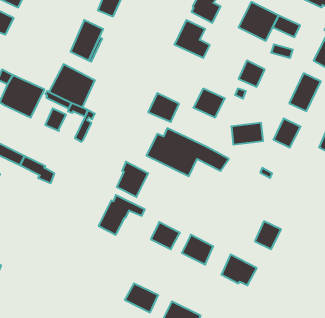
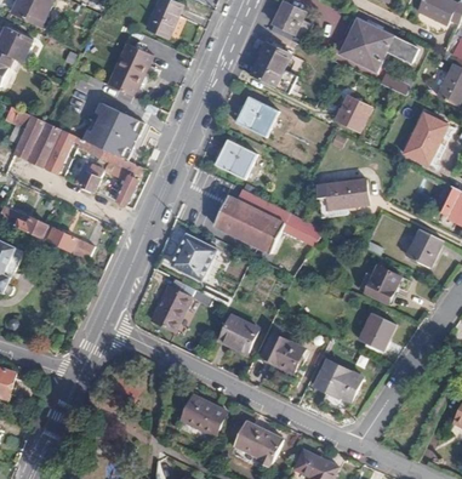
building: [193,89,225,117] -> [235,97,278,136]
building: [273,119,301,148] -> [406,229,443,268]
building: none -> [364,263,400,302]

